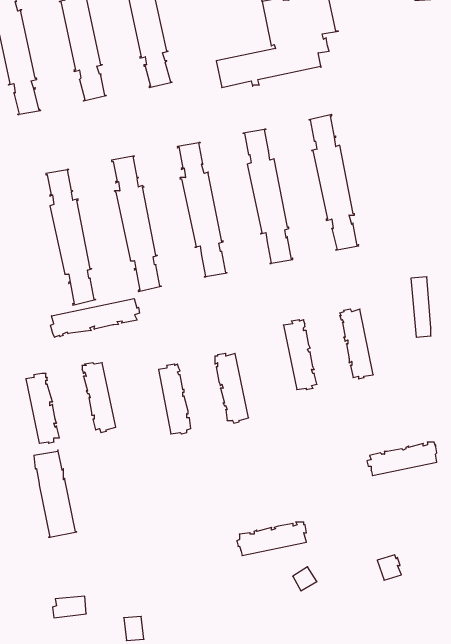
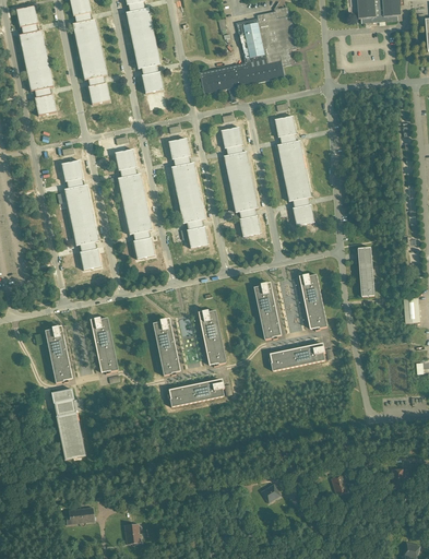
building: [51,299,139,337] -> none
building: [367,442,437,476] -> [269,343,325,370]
building: [237,522,306,556] -> [167,379,224,406]

